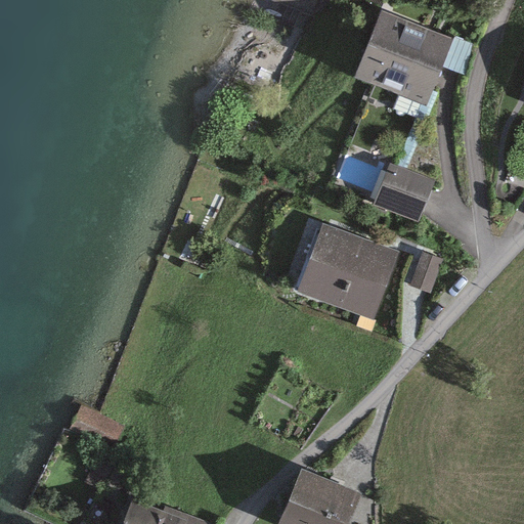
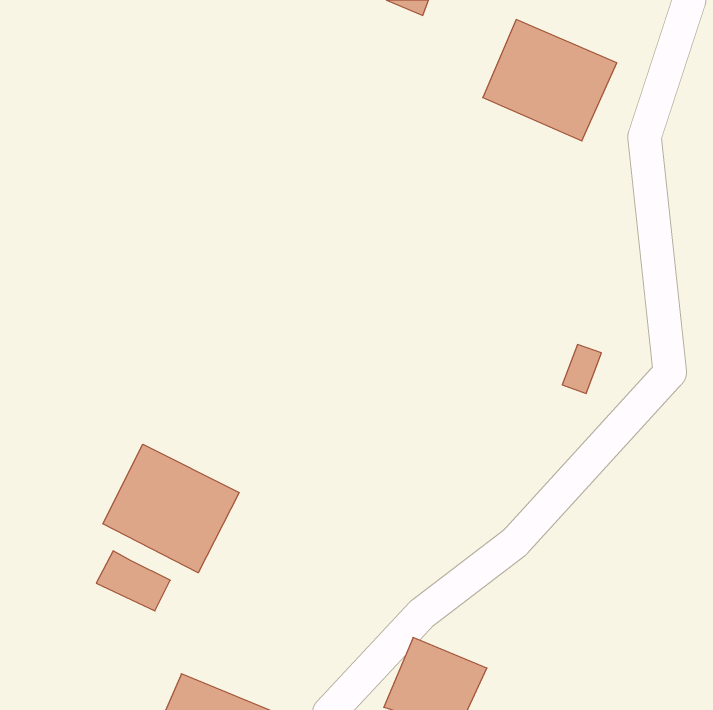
building: [376,164,433,218] -> none
building: [301,225,396,313] -> none
building: none -> [103,444,239,573]

